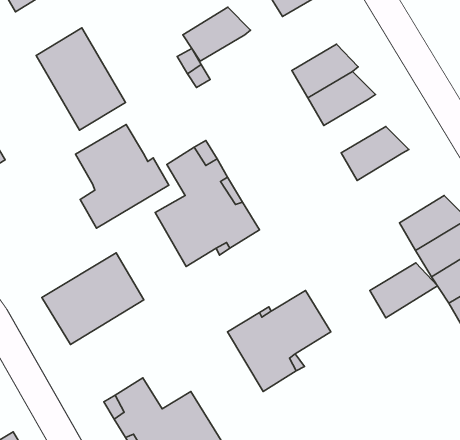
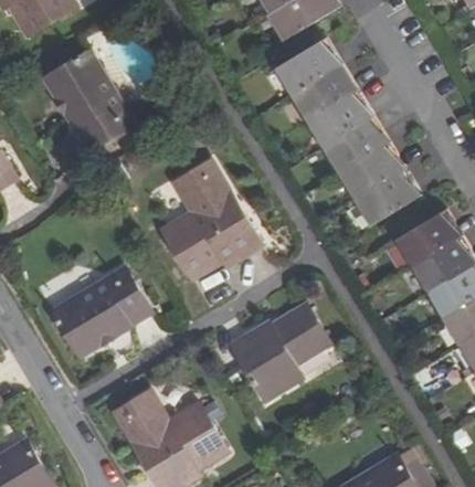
building: [183,7,251,61] -> [276,40,341,92]
building: none -> [324,119,390,171]
building: [75,124,169,228] -> none
building: [370,263,437,318] -> [356,171,421,224]

